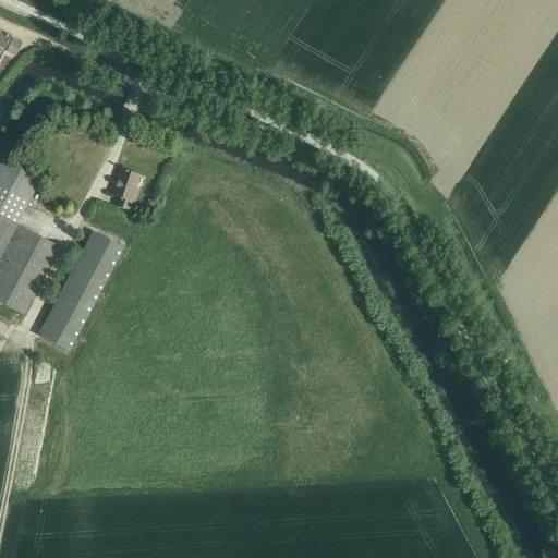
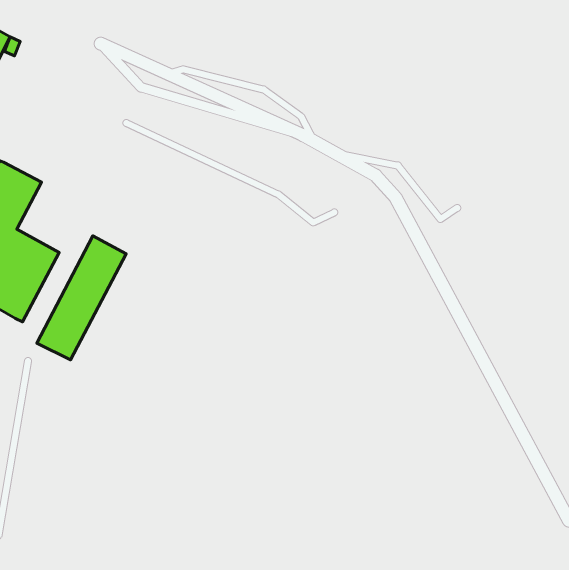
building: [111,168,138,211] -> none

